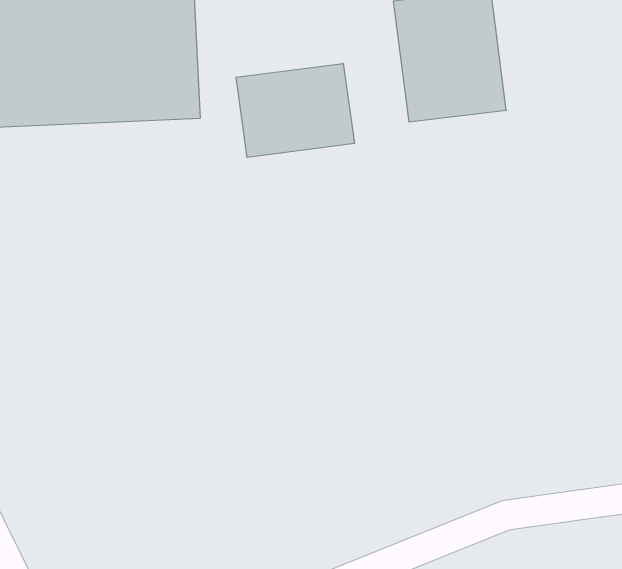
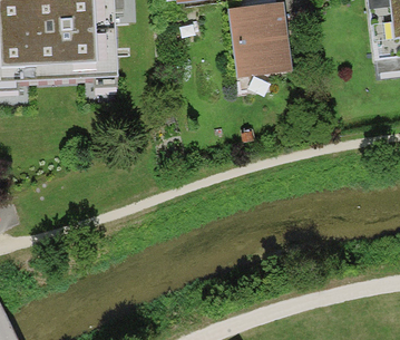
building: [236,63,354,157] -> none

